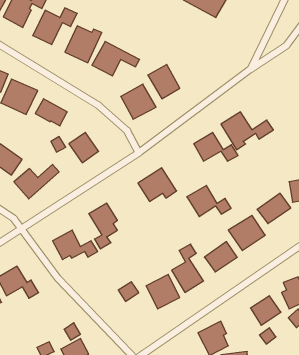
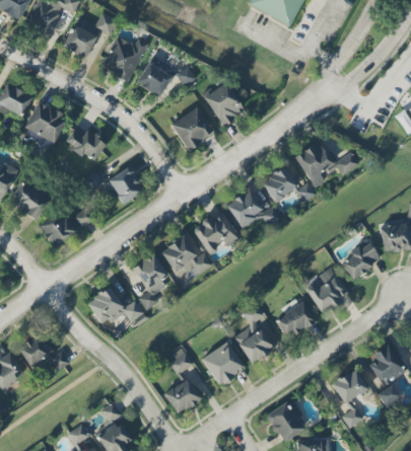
building: [187,185,231,217] -> [226,191,281,229]
building: none -> [160,236,213,280]
building: none -> [164,379,201,415]

